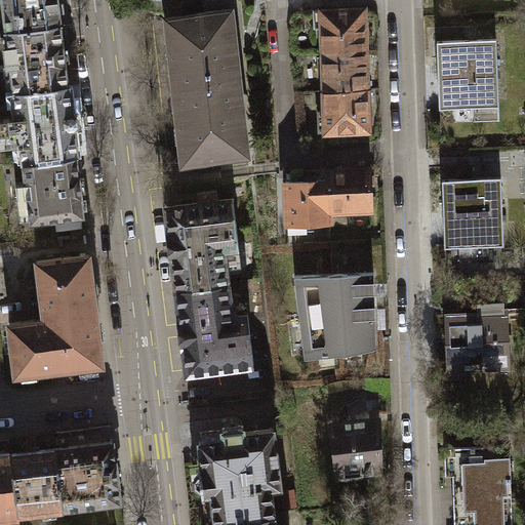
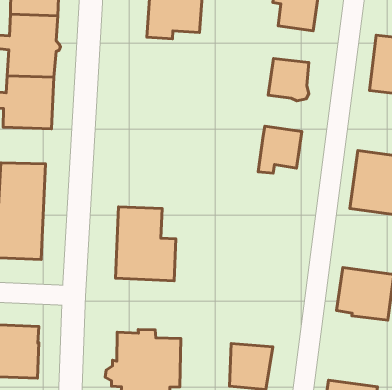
building: [324,54,366,93] -> none
building: [176,78,247,162] -> none
building: [285,172,329,227] -> none
building: [166,201,239,292] -> none
building: [297,276,377,361] -> none

